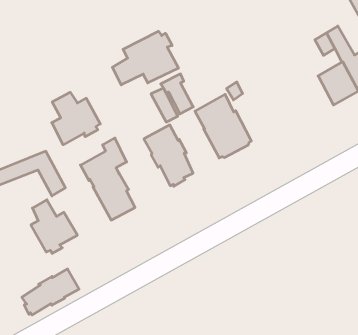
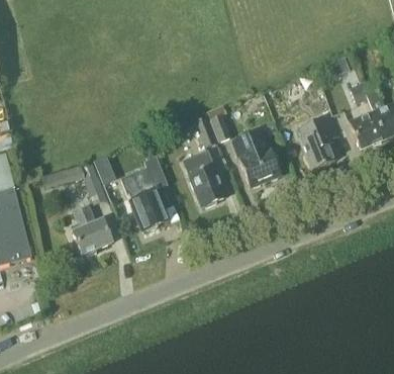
building: [112,31,178,85] -> none
building: none -> [298,113,337,168]
building: [52,92,100,145] -> none
building: [22,269,79,315] -> none

